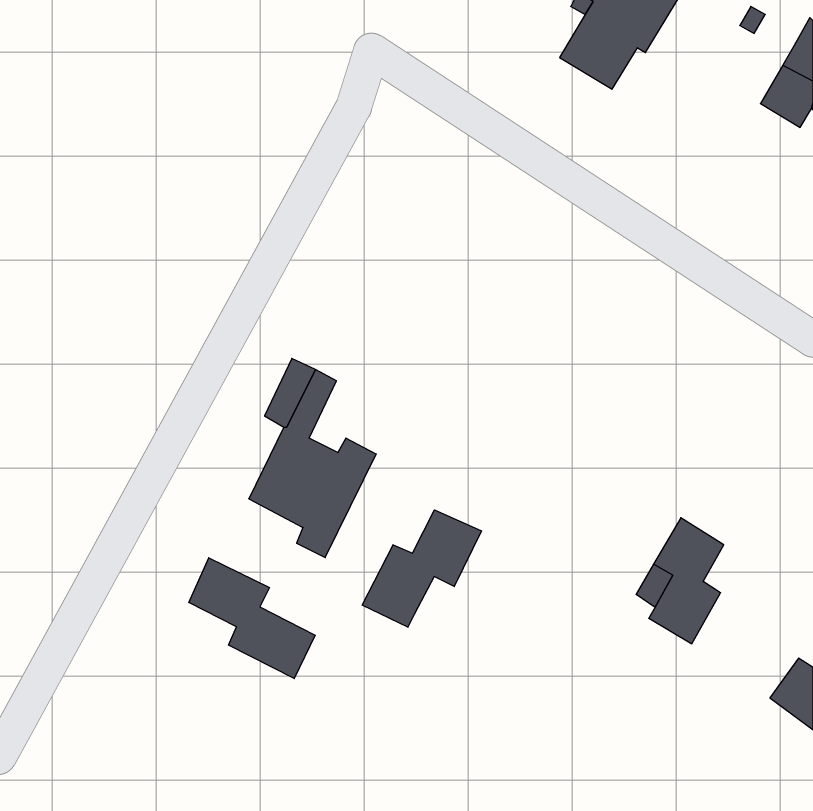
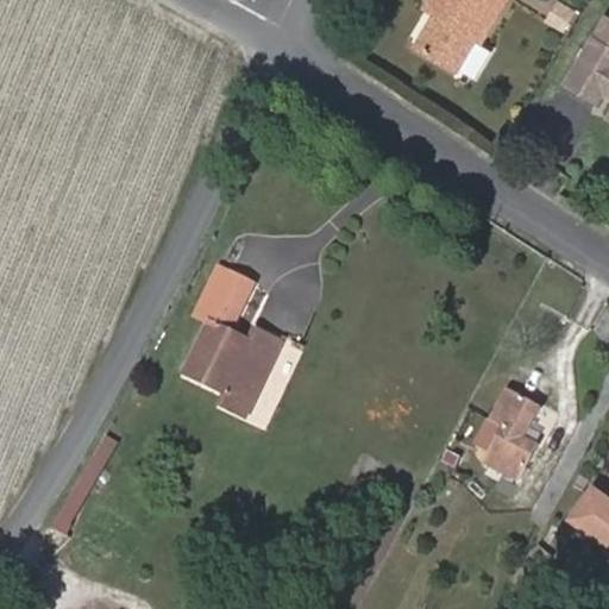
building: [362,510,482,627] -> none
building: [189,558,315,679] -> none

